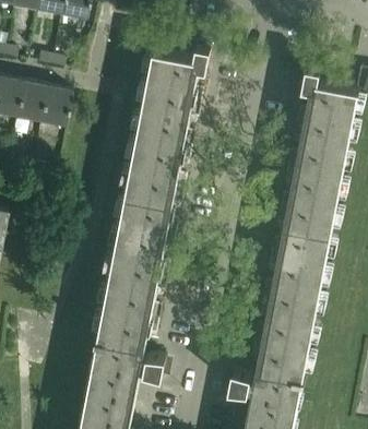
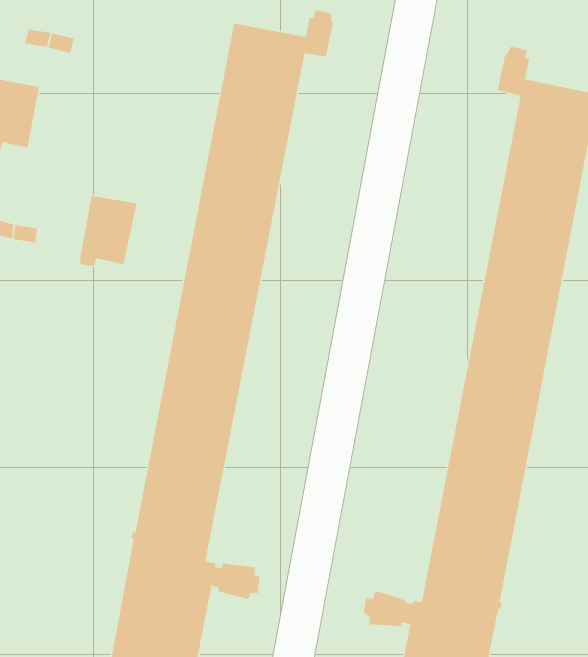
building: [38,85,71,126] -> [79,195,138,267]

